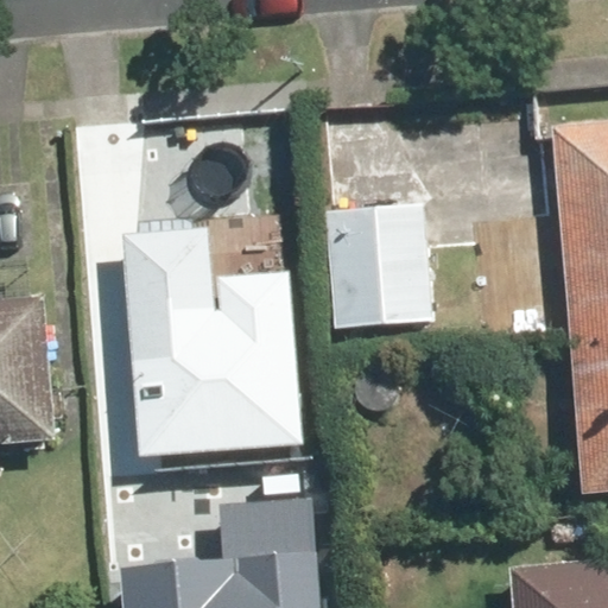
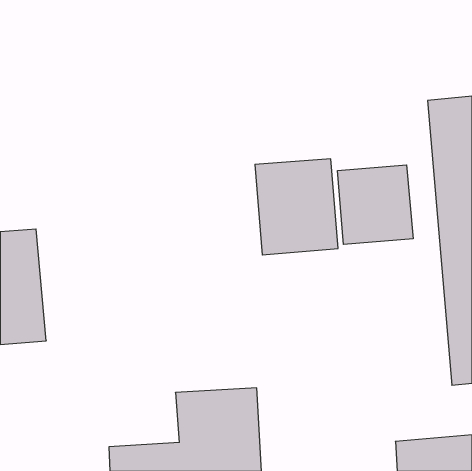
building: none -> [338,165,413,244]
building: [127,228,304,456] -> none

